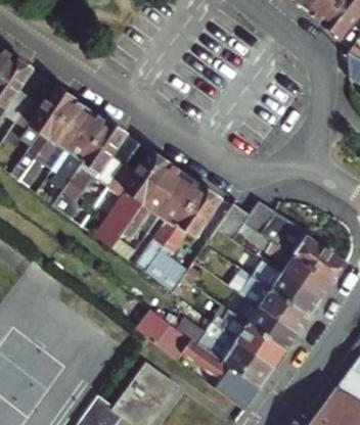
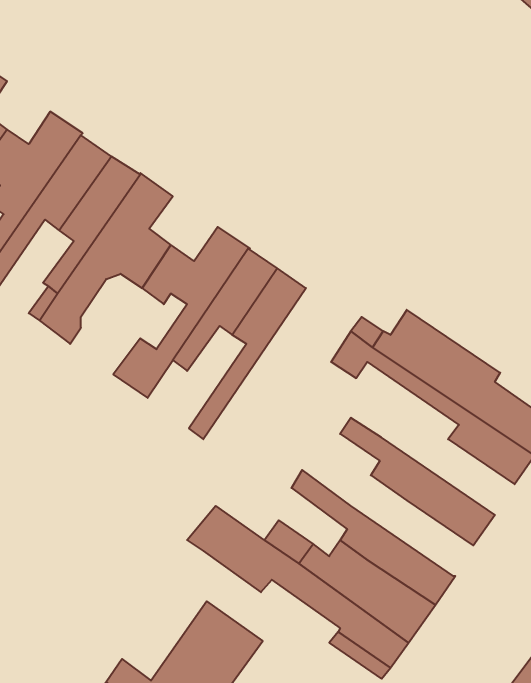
building: [143,185,221,292] -> none
building: [244,263,320,315] -> none
building: [227,300,297,349] -> none

